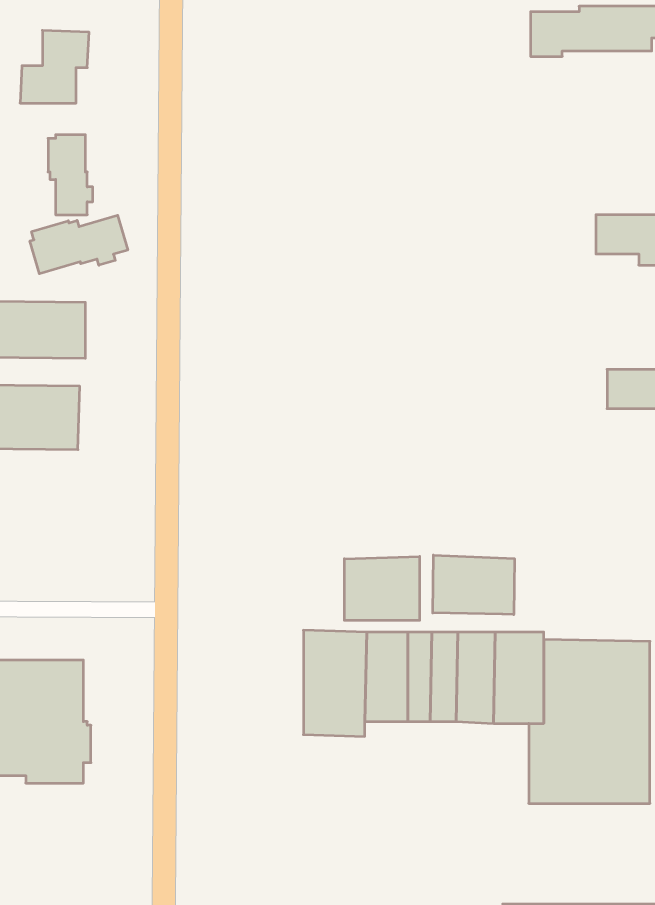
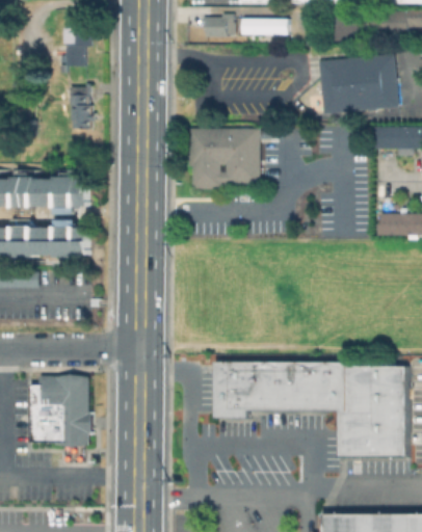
building: none -> [204,15,229,36]
building: none -> [239,17,290,36]
building: none -> [319,55,399,113]
building: none -> [189,129,261,189]
building: [30,215,128,274] -> none
building: [433,555,514,615] -> none
building: [344,556,420,620] -> none

